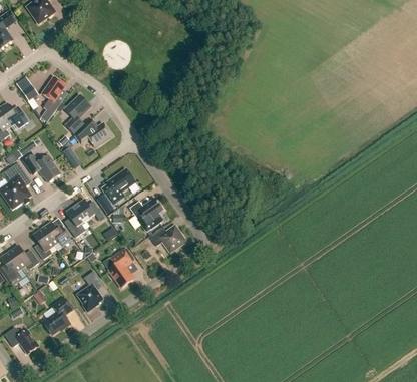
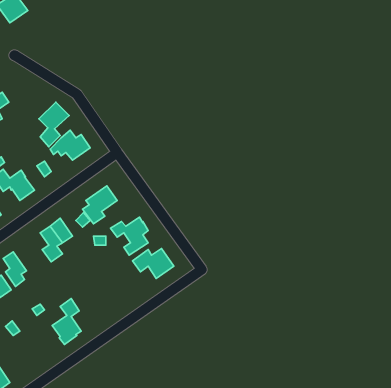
building: [41,77,65,114] -> none
building: [41,223,71,246] -> none
building: [107,249,133,288] -> none
building: [42,297,72,335] -> none

